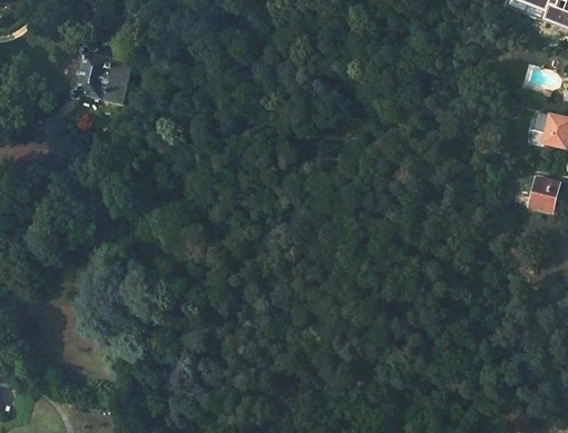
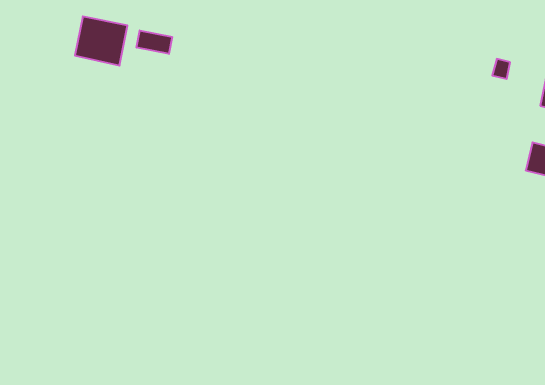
building: none -> [137,30,172,54]

